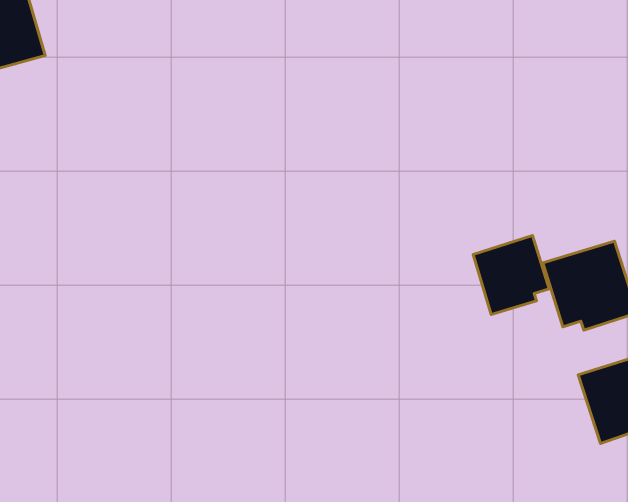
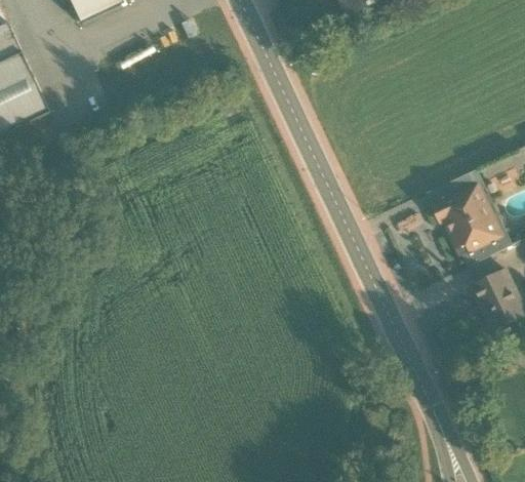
building: [473,236,549,315] -> none

